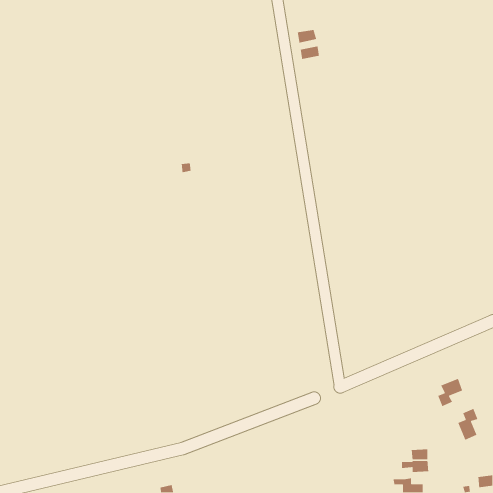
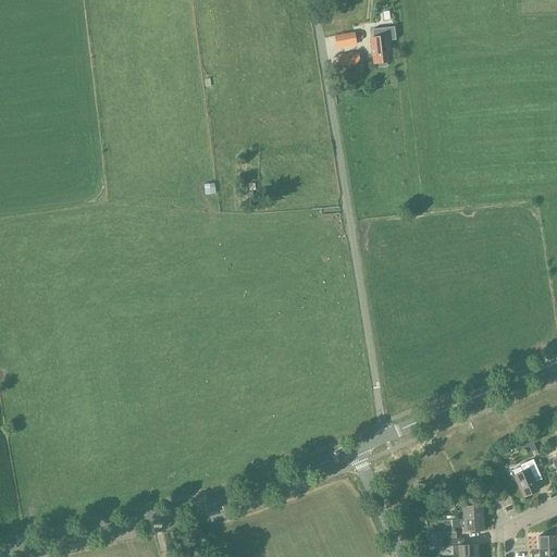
building: none -> [371,36,391,66]
building: [437,378,463,407] -> none

